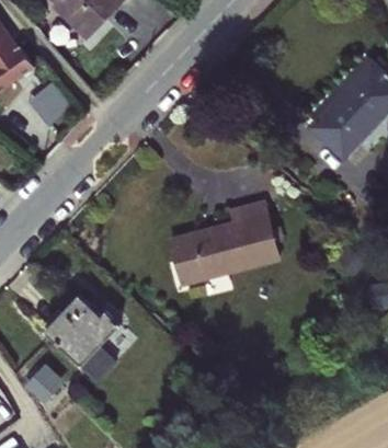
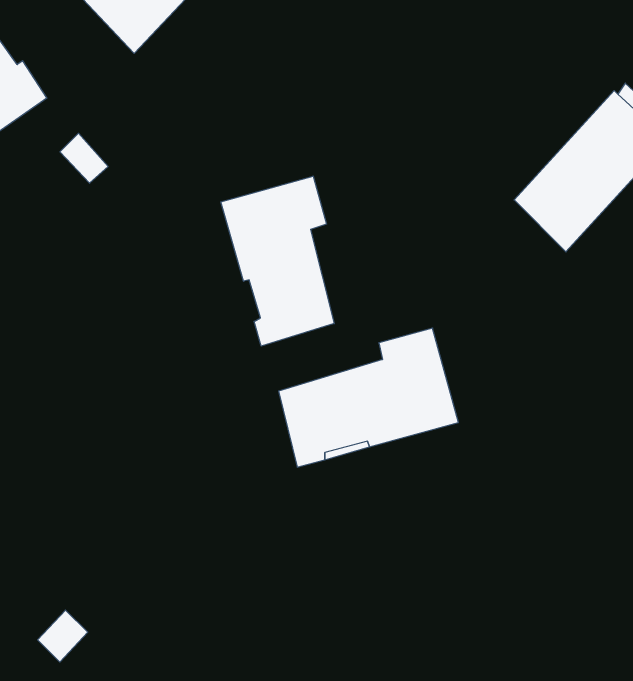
building: none -> [221,176,334,346]
building: [43,292,119,366] -> none

